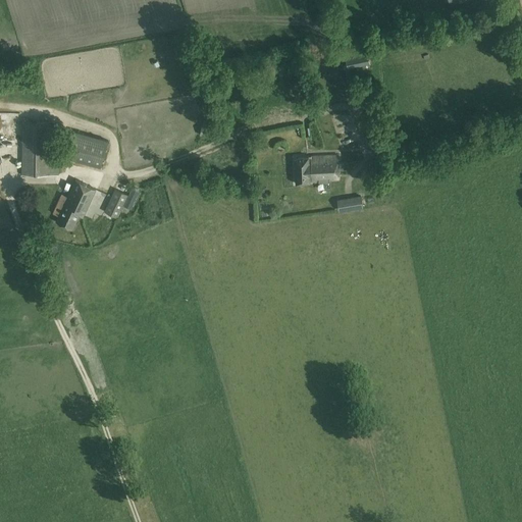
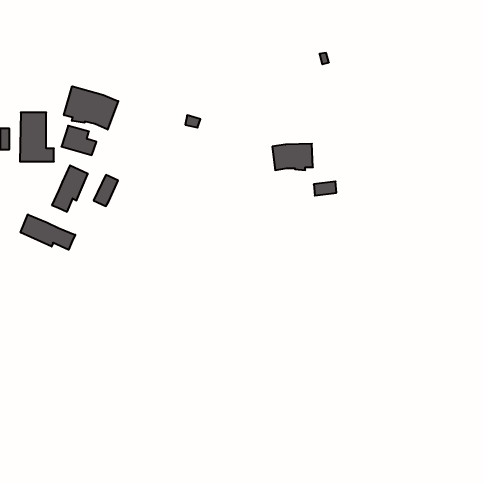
building: none -> [64,86,118,130]
building: none -> [21,214,75,250]

